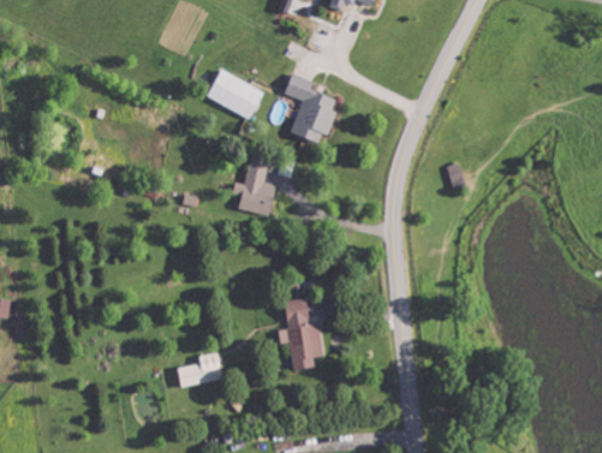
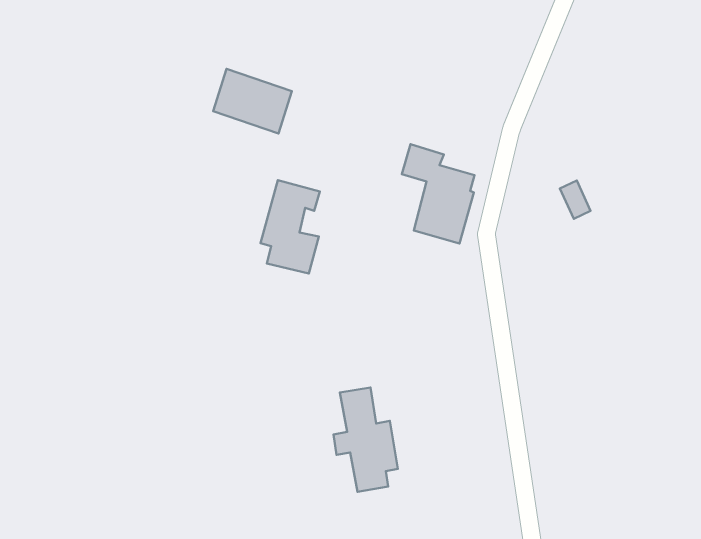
building: [285,73,335,144] -> [402,144,475,243]
building: [177,352,222,387] -> none

